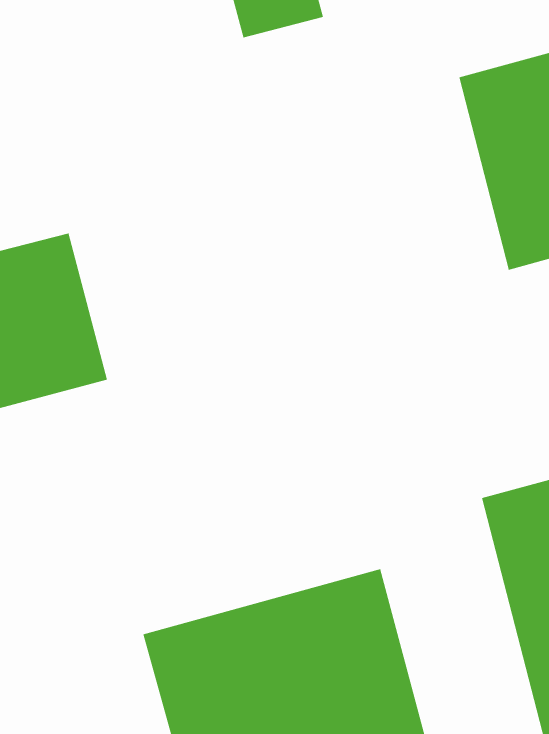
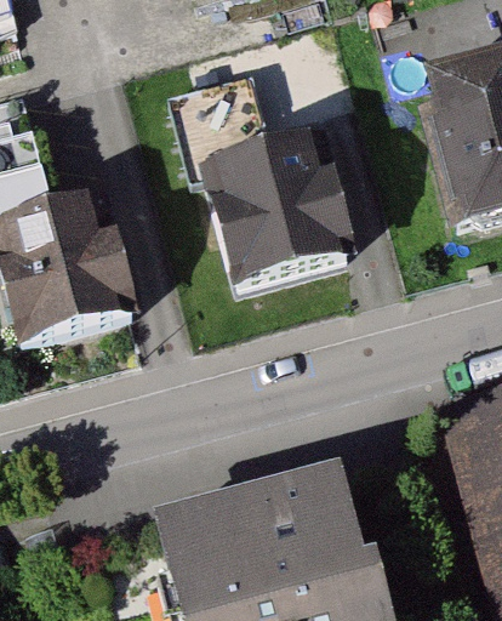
building: none -> [198,120,348,285]

